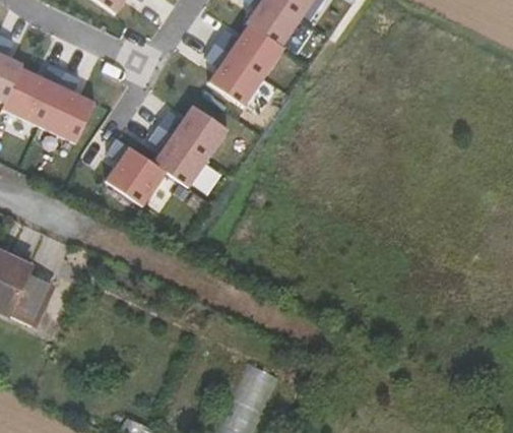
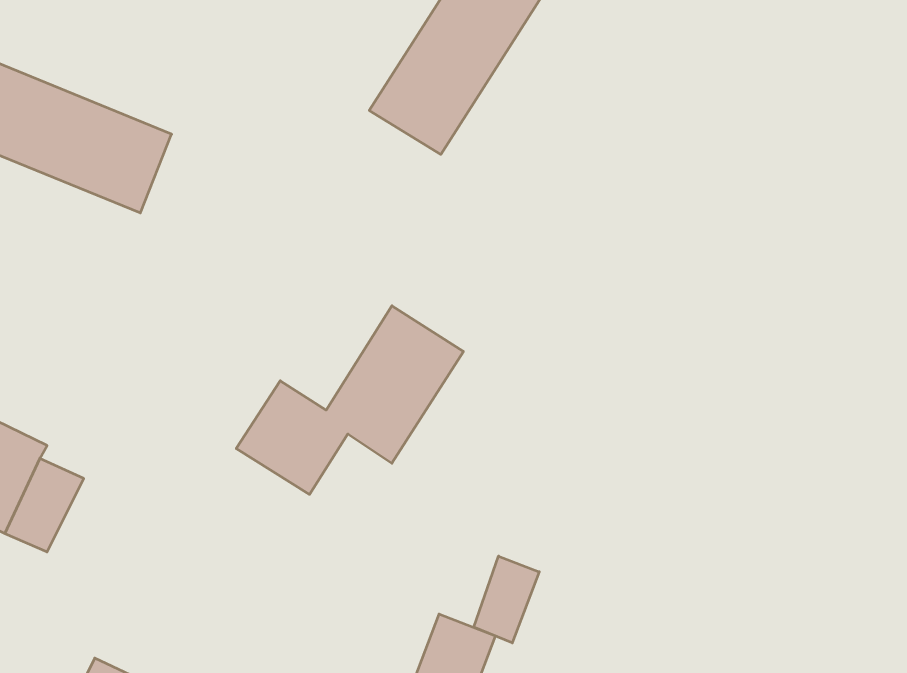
building: [104,102,230,206] -> [236,306,463,494]
building: none -> [474,556,539,643]

